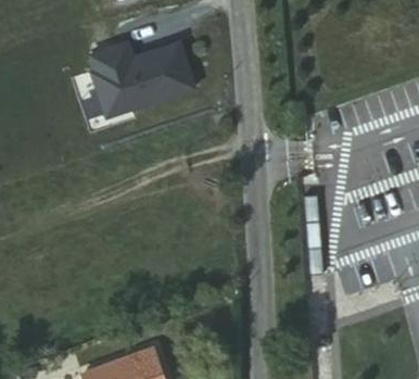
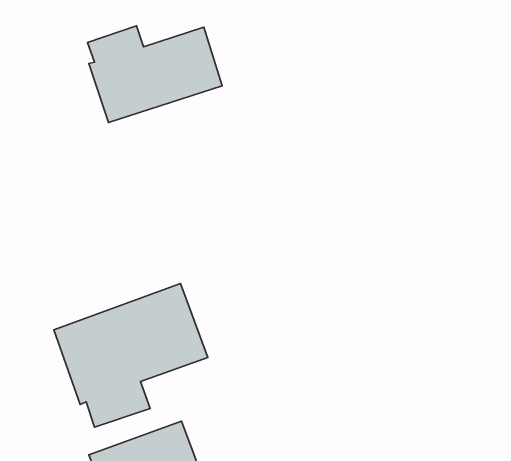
building: none -> [54,284,208,427]

